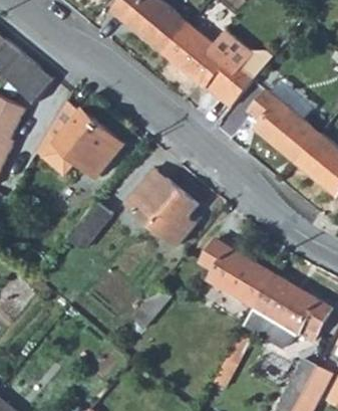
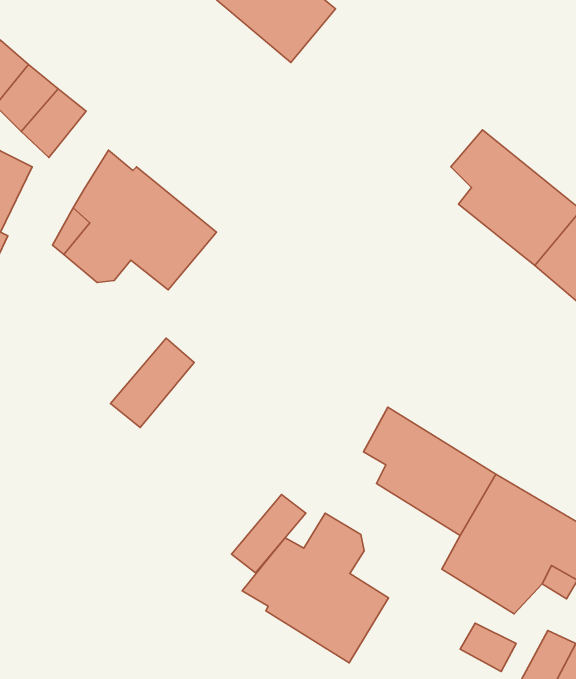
building: [162,24,269,108] -> none
building: [124,170,195,246] -> none
building: none -> [242,513,388,663]

